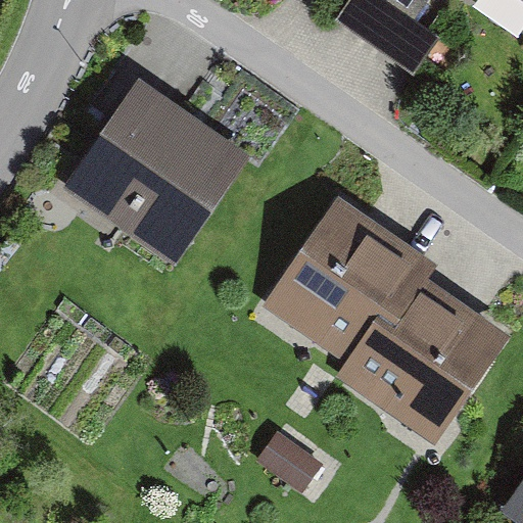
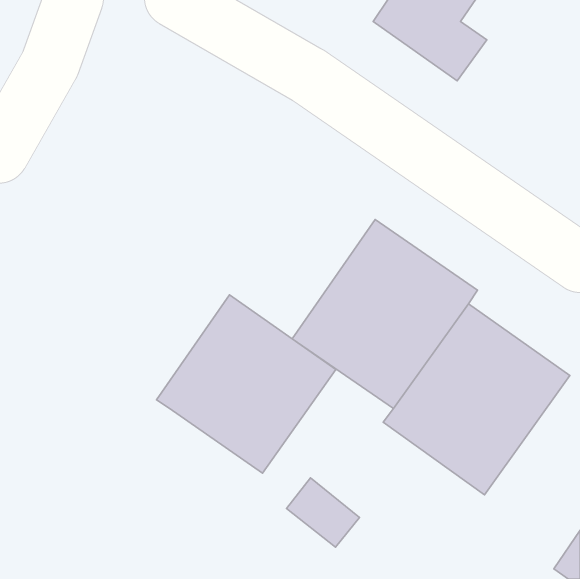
building: [63,80,248,263] -> none
building: none -> [157,295,336,473]

